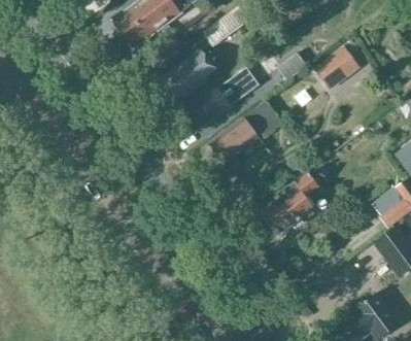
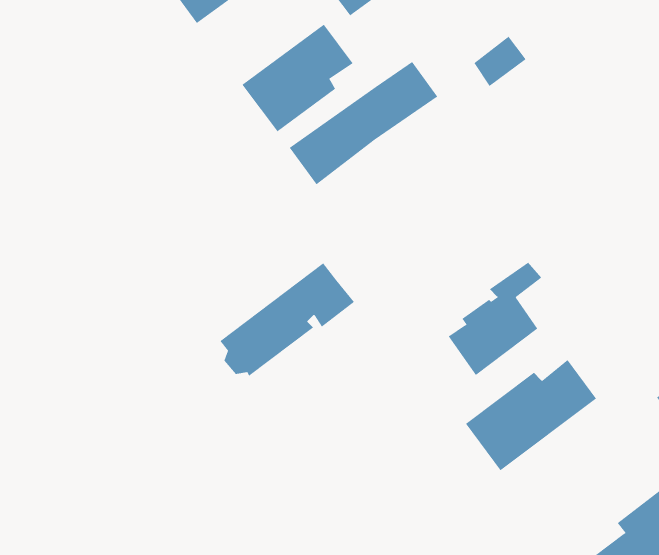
building: [316,46,358,87] -> none
building: [210,101,281,161] -> [219,263,355,377]
building: none -> [465,359,597,471]

